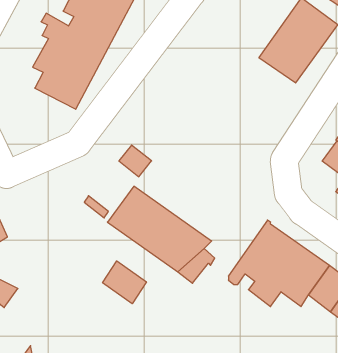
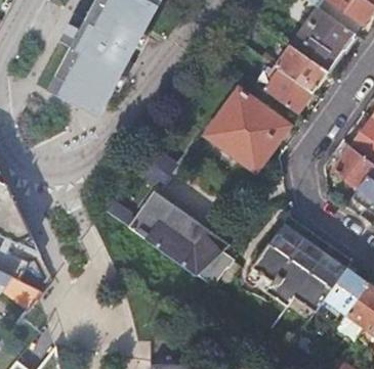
building: none -> [263,64,311,112]
building: none -> [205,89,287,170]
building: [103,261,146,304] -> none

